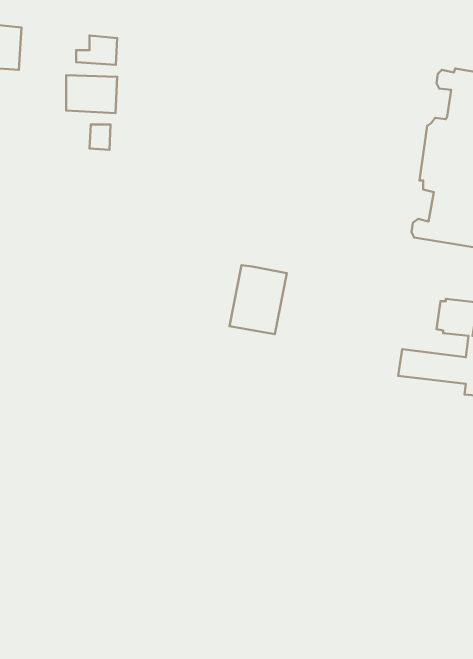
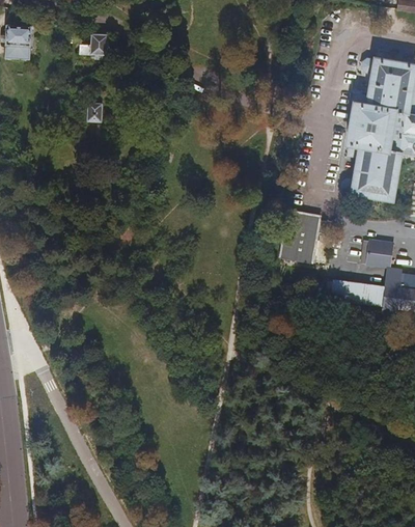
building: [66,75,117,113] -> none
building: [230,265,287,334] -> [277,207,322,261]

